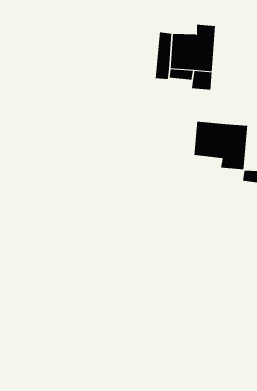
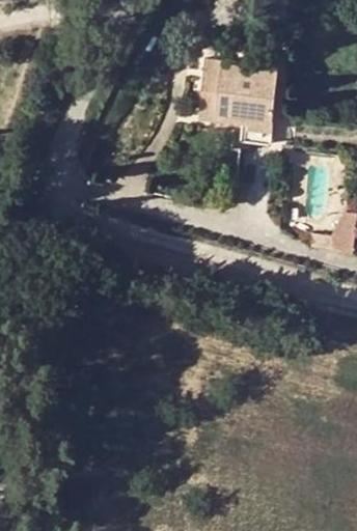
building: [194,121,248,170] -> none

